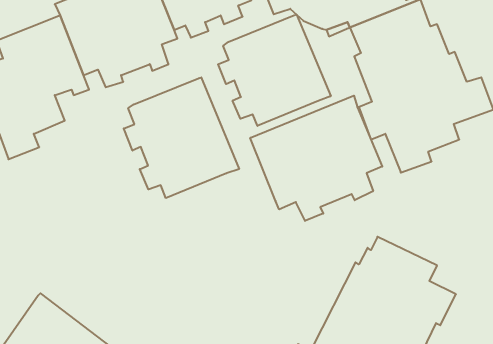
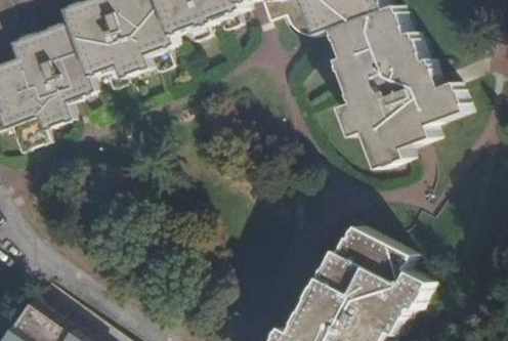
building: [218,15,331,126] -> none
building: [124,77,239,198] -> none
building: [250,96,382,221] -> none

